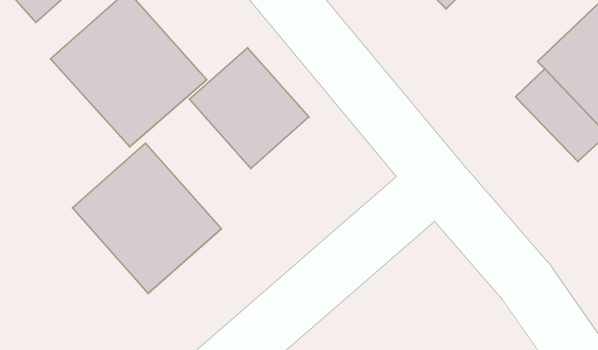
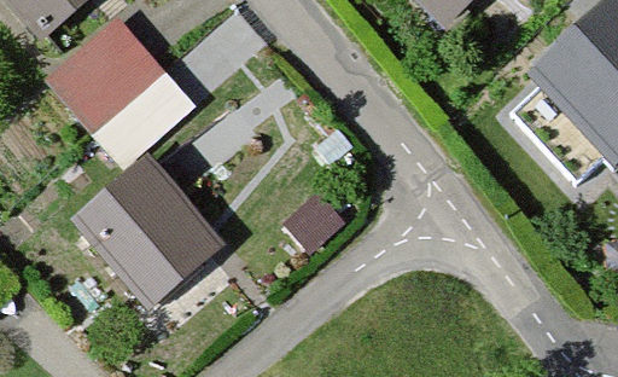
building: [190,48,309,169] -> none

